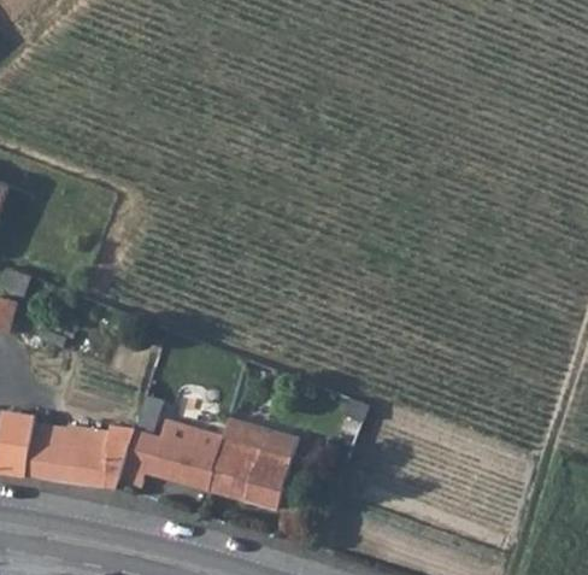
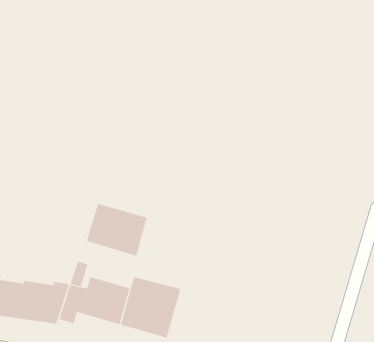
building: none -> [86,203,148,256]

